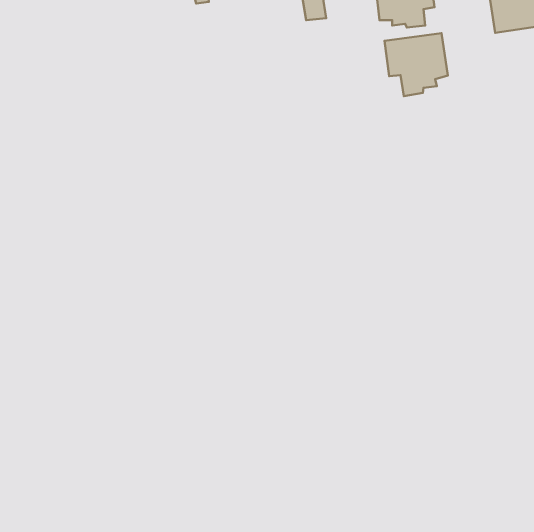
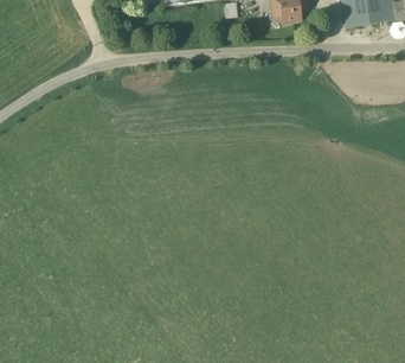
building: [384,33,448,96] -> none

